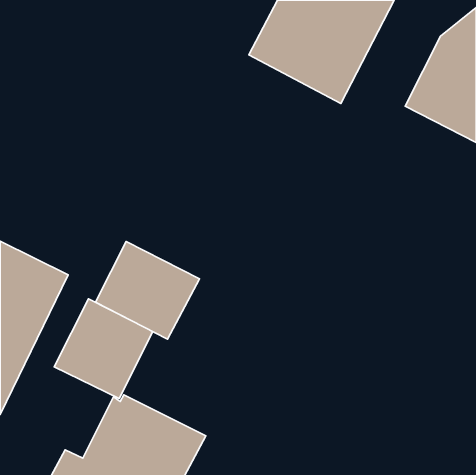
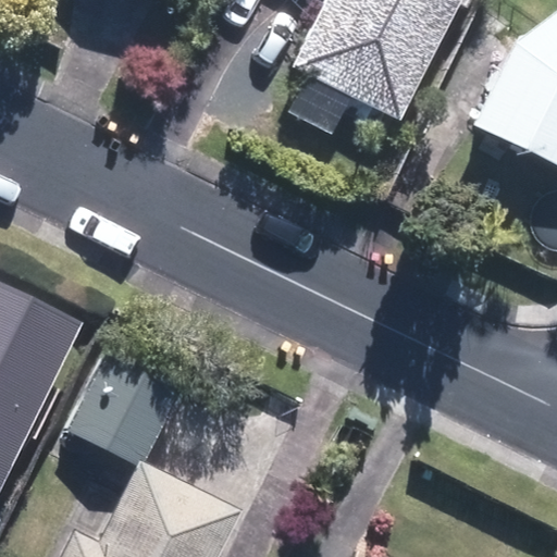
building: [95,242,199,339] -> none

